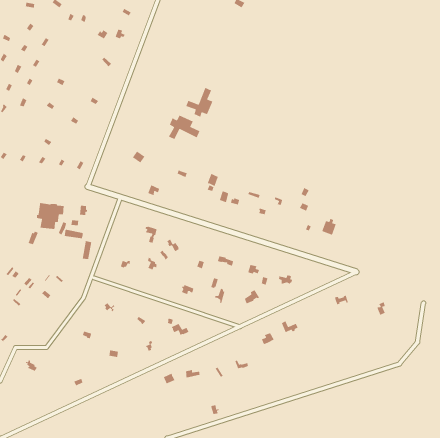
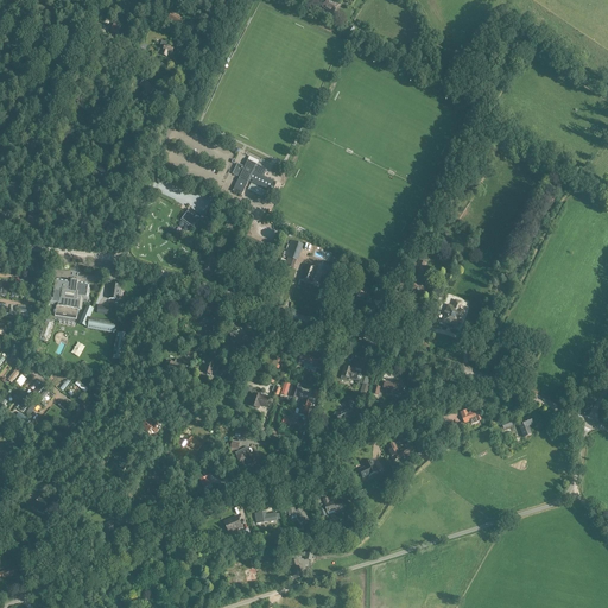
building: [185,87,213,118] -> none

